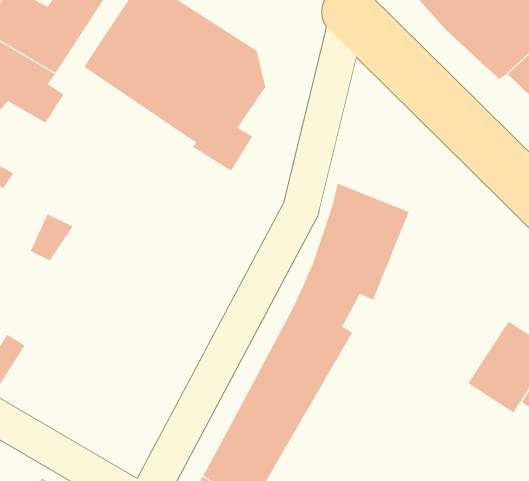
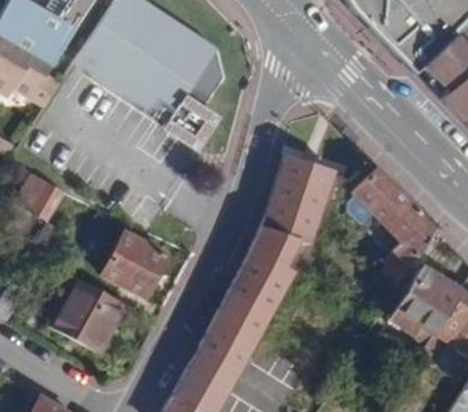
building: none -> [352,169,435,289]
building: none -> [101,230,169,298]
building: none -> [48,275,128,354]

